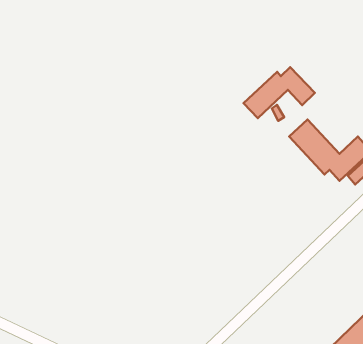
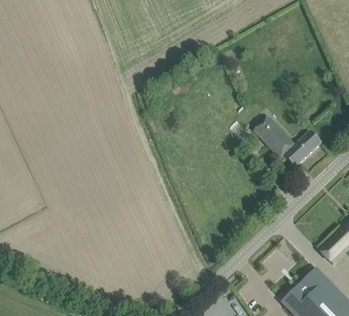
building: [244,67,315,118] -> none

